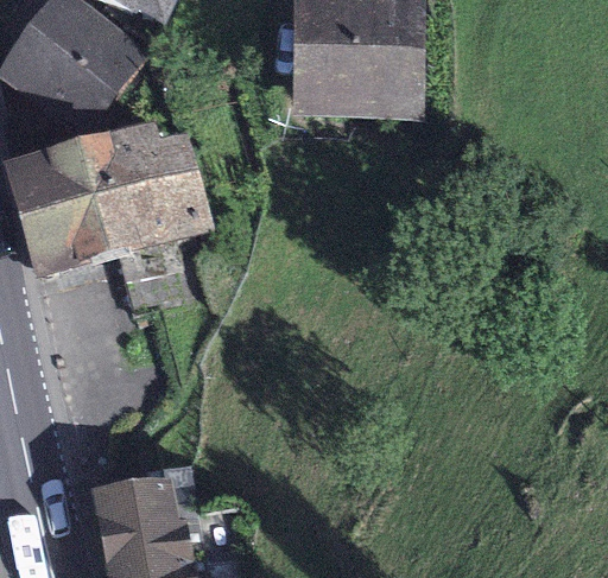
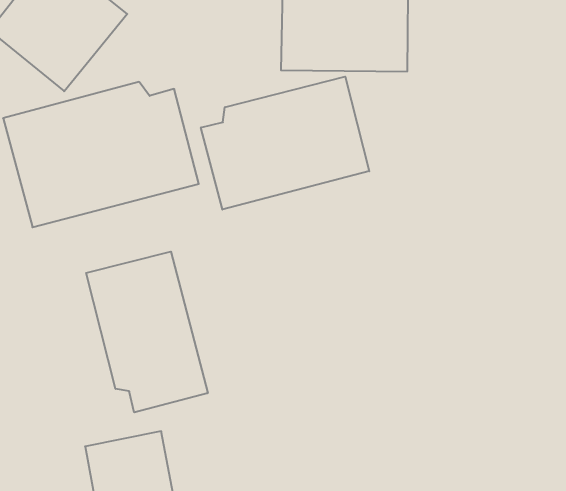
building: none -> [201,77,369,210]
building: none -> [86,252,208,412]

